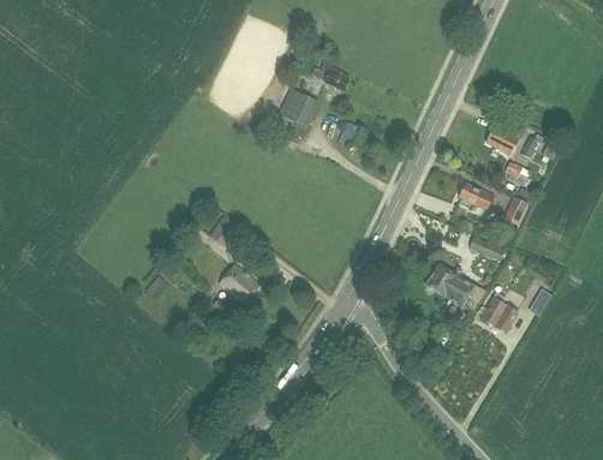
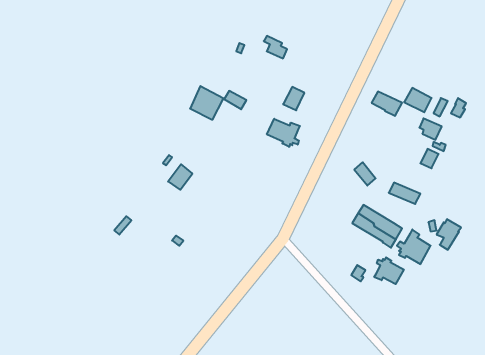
building: [277,86,317,126] -> [190,86,224,120]
building: none -> [267,119,300,147]
building: [458,181,494,210] -> [372,92,402,116]
building: [219,263,258,301] -> none
building: none -> [374,257,404,284]

